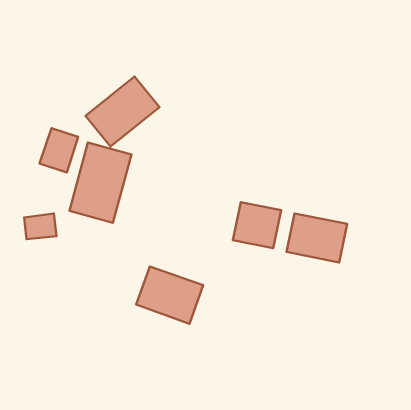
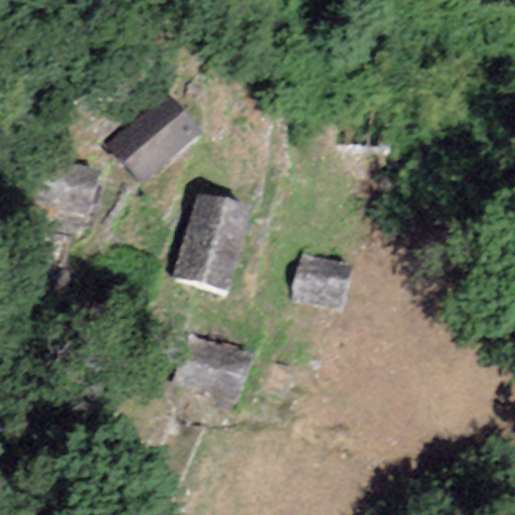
building: [69,142,131,223] -> [174,190,251,291]
building: [287,213,347,262] -> none

